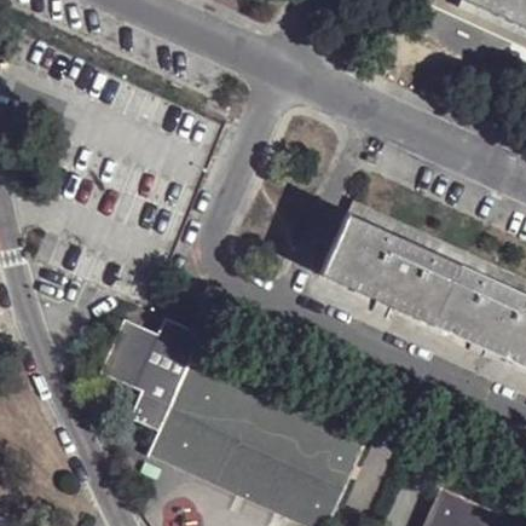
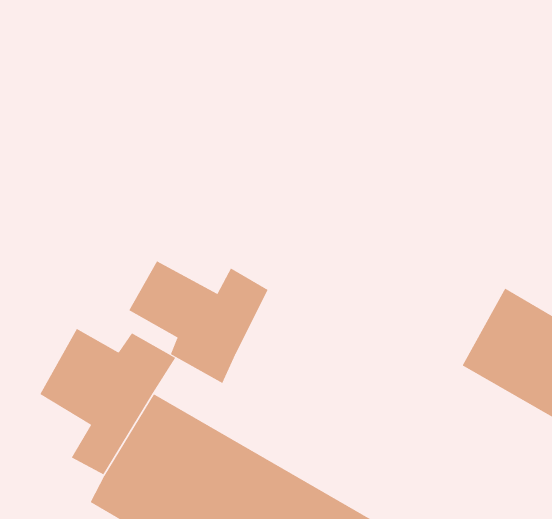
building: [319,210,449,319] -> none
building: none -> [128,261,268,384]

